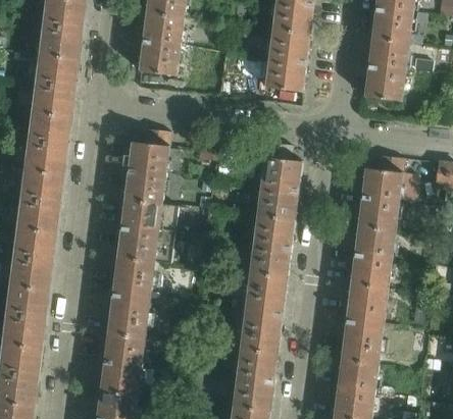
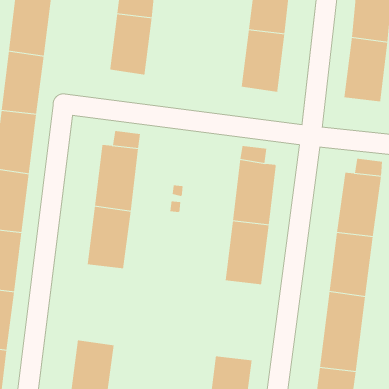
building: [108,259,153,336] -> none
building: [241,274,286,351] -> none

